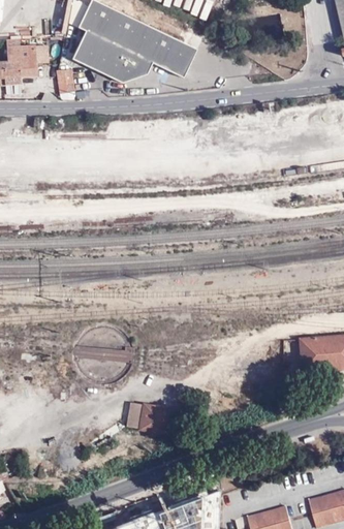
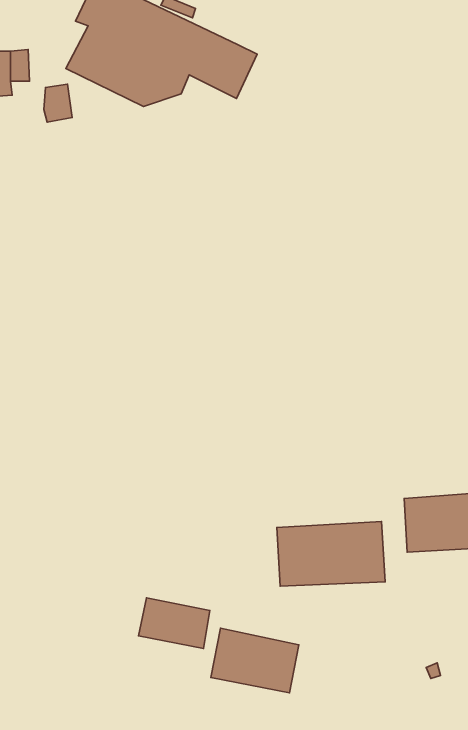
building: none -> [277,521,385,586]
building: none -> [211,628,299,693]

